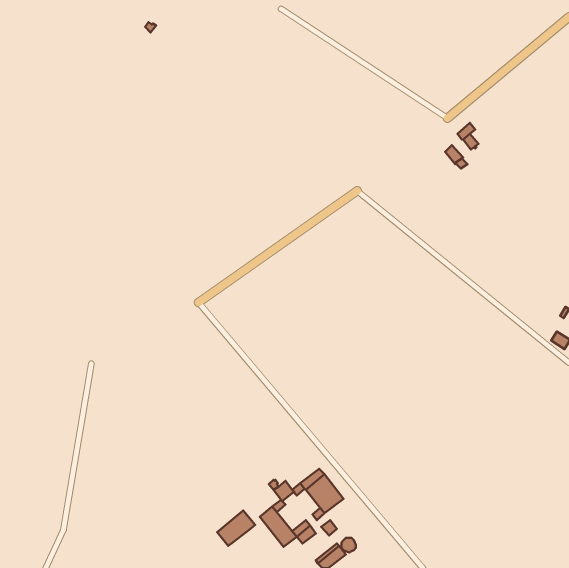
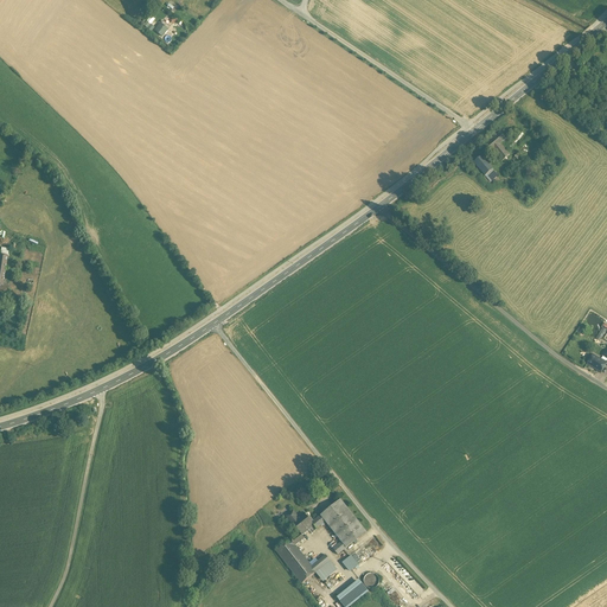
building: [217,511,255,546] -> none

